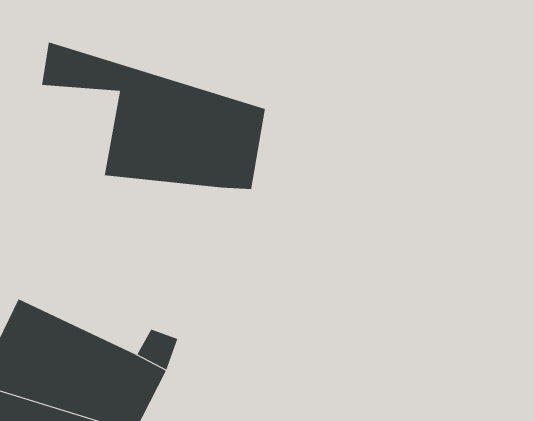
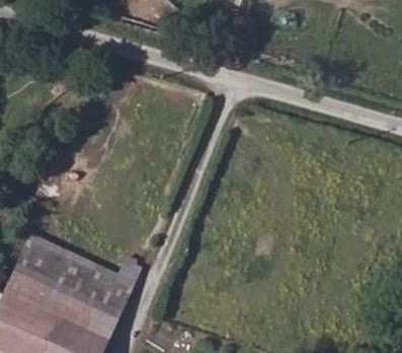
building: [41,42,265,190] -> none

